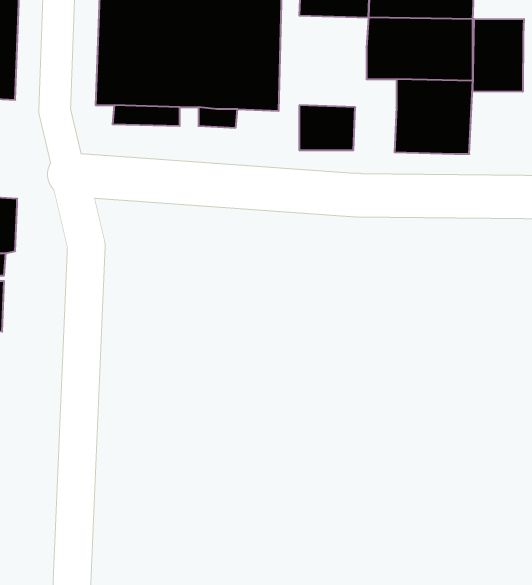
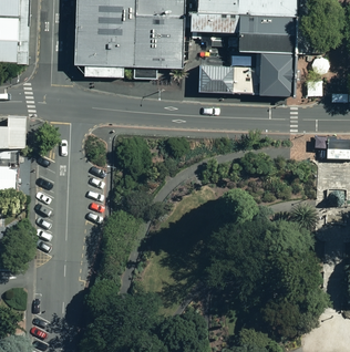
building: none -> [187,10,235,30]
building: [473,19,524,92] -> none
building: none -> [226,65,251,92]

